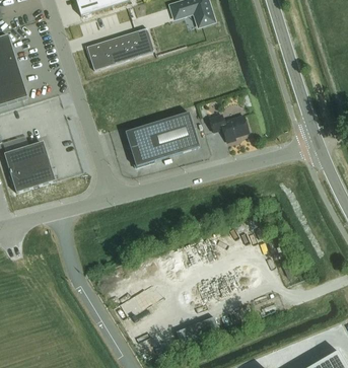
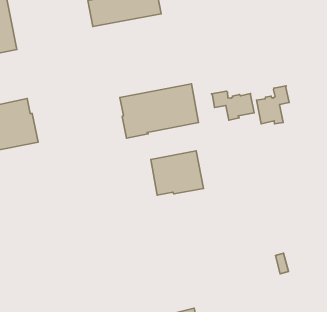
building: none -> [256,86,289,124]
building: none -> [151,151,204,195]

